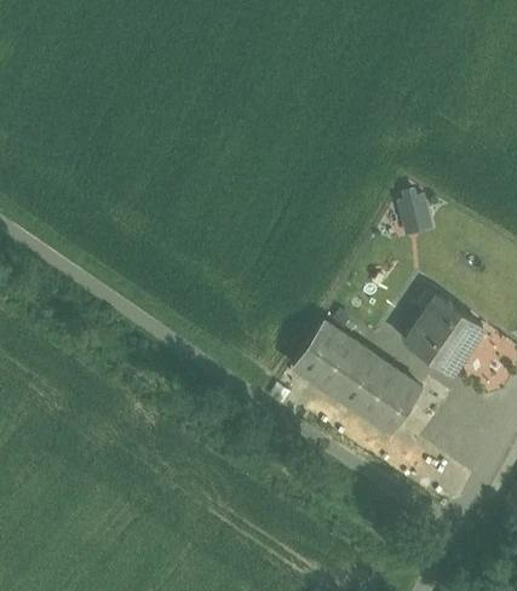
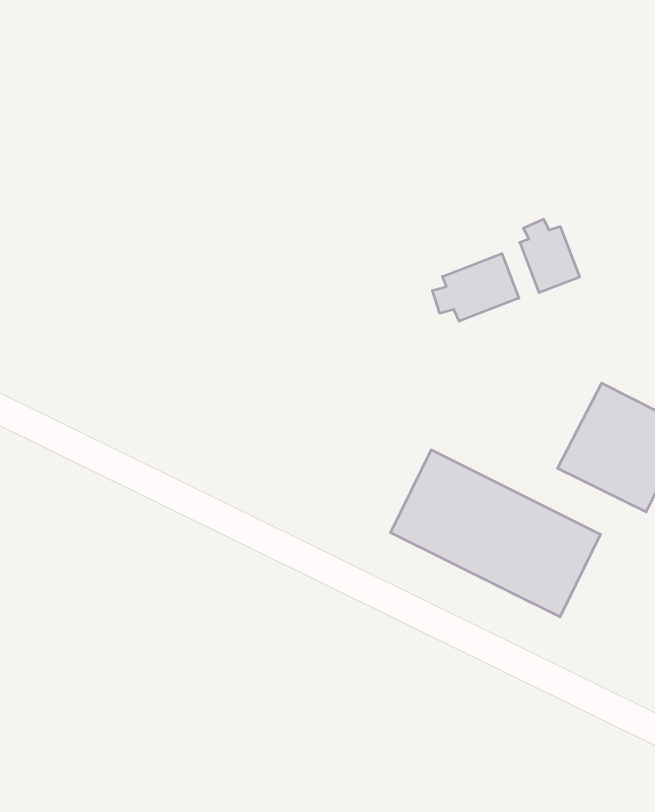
building: none -> [432,254,519,321]

